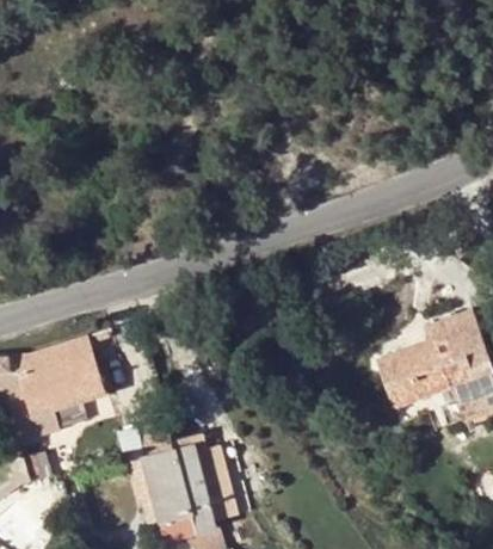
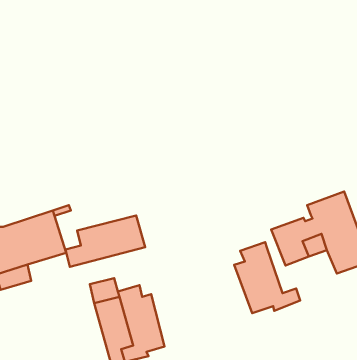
building: none -> [65,215,145,267]
building: none -> [234,242,300,313]

